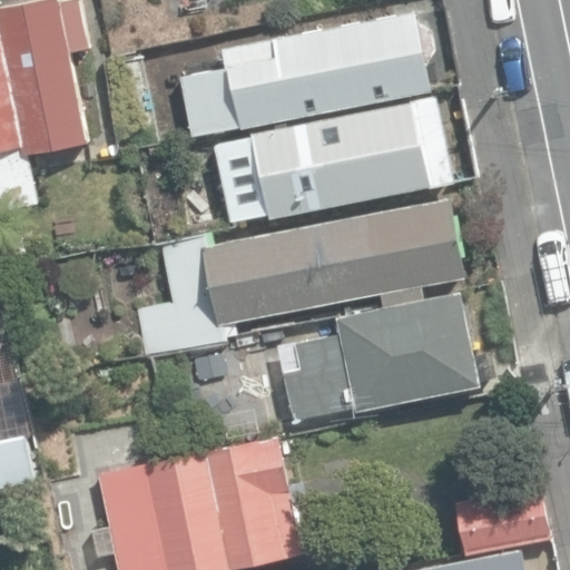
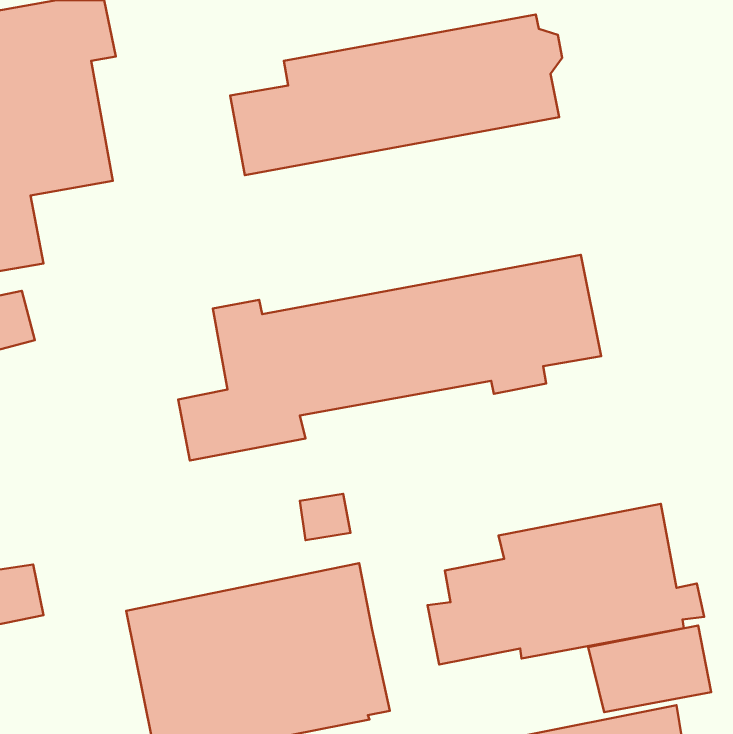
building: [214,99,451,224] -> none
building: [281,293,493,416] -> [427,504,704,664]

